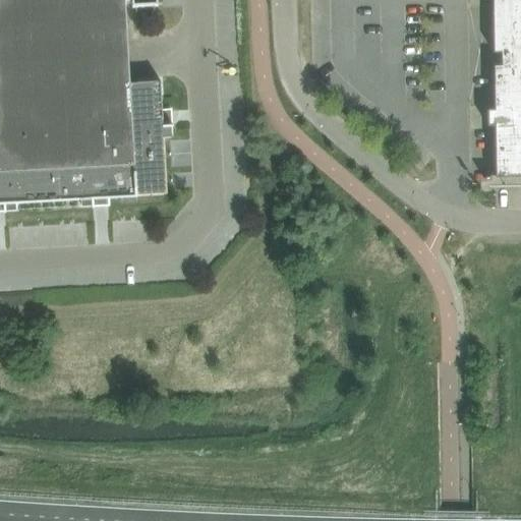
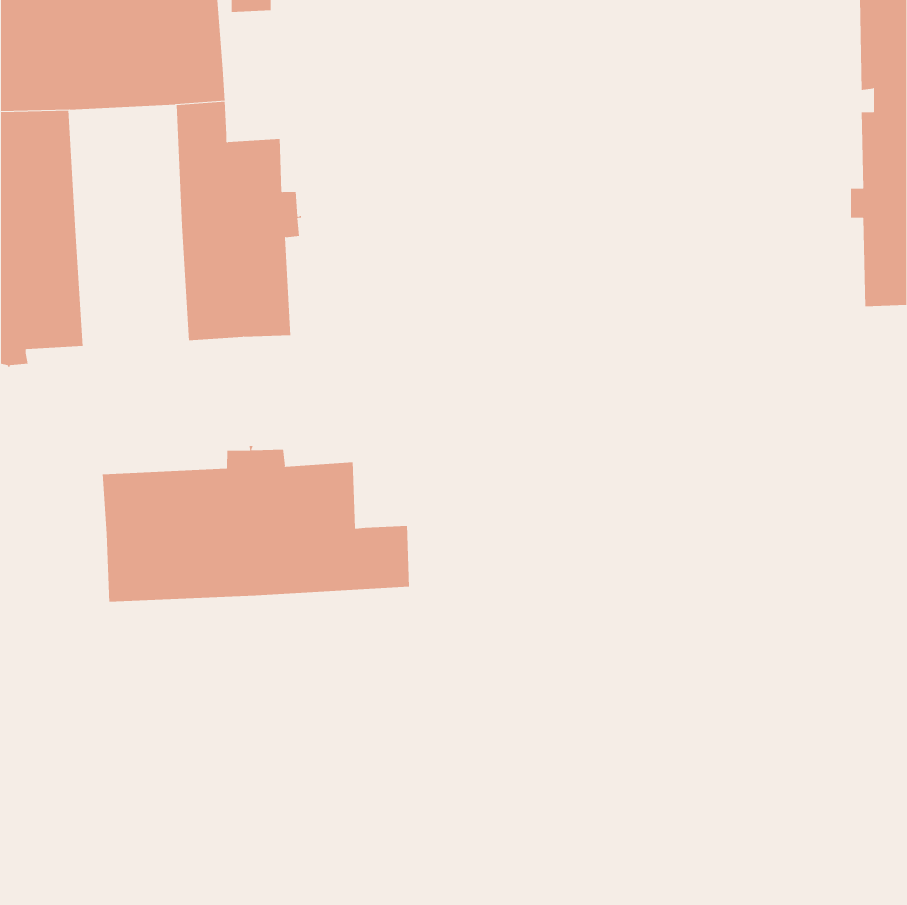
building: [40,60,108,207] -> none
building: none -> [102,445,410,602]

